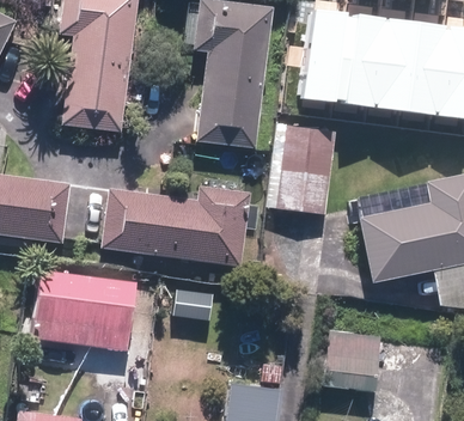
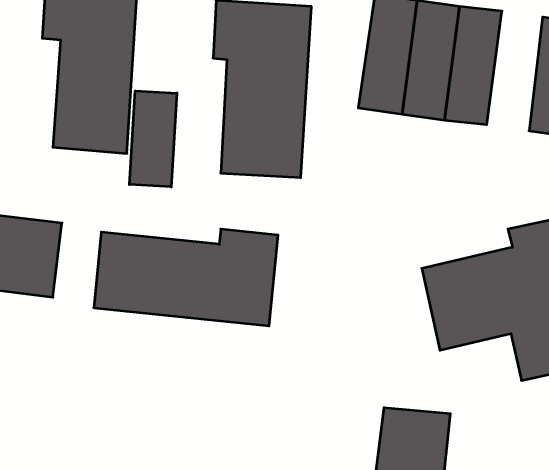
building: [409,16,453,110] -> none
building: none -> [129,91,177,187]
building: [282,121,340,212] -> none
building: [32,268,135,350] -> none

